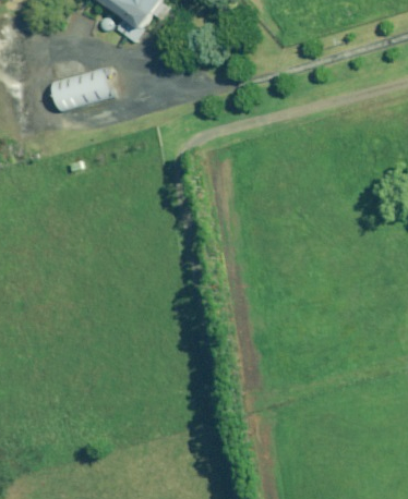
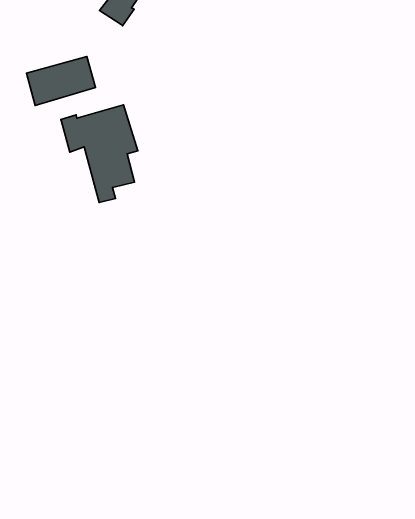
building: none -> [61,105,138,203]

